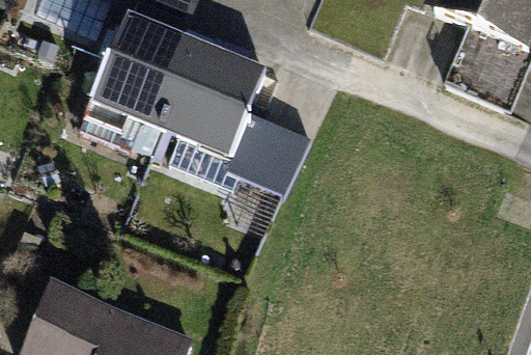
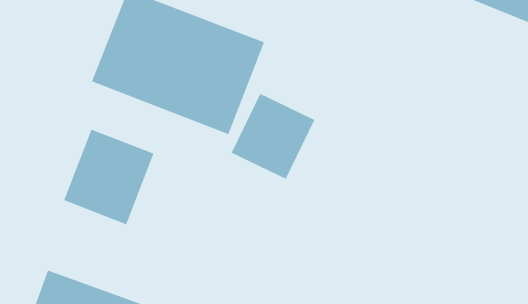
building: none -> [63,129,154,225]

